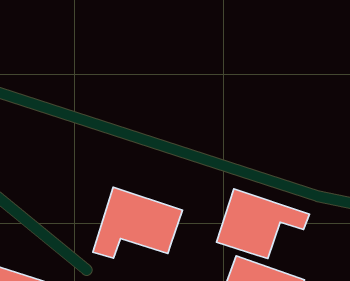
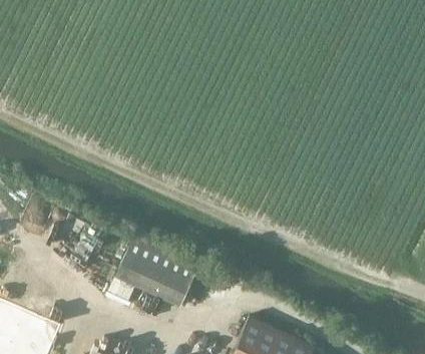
building: [217,189,310,259] -> none

